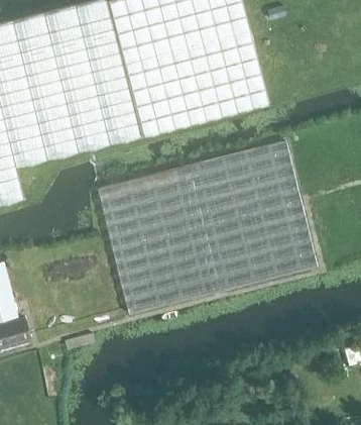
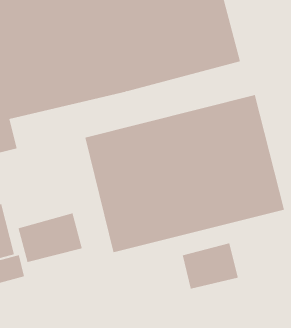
building: none -> [18,213,82,263]
building: none -> [182,243,238,289]

